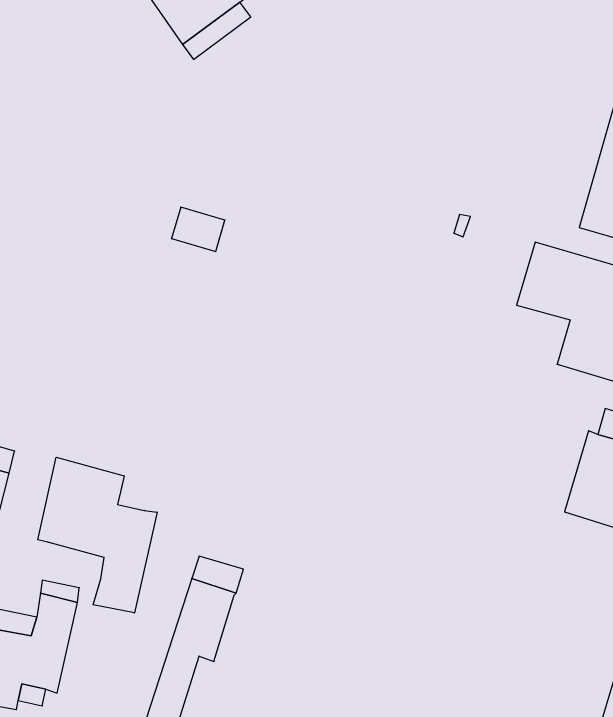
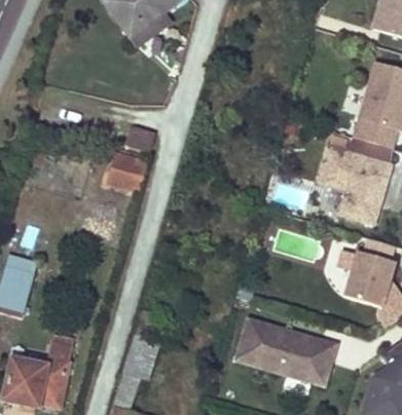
building: none -> [108,151,148,191]
building: [38,457,157,613] -> none
building: none -> [236,319,336,385]

